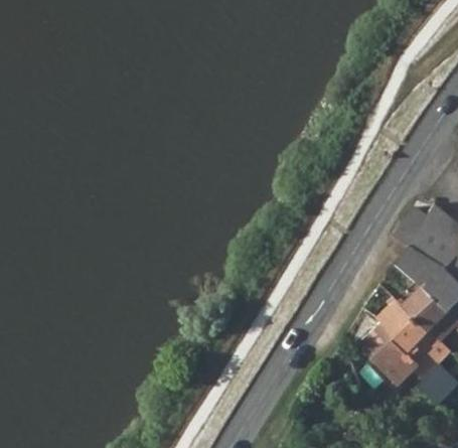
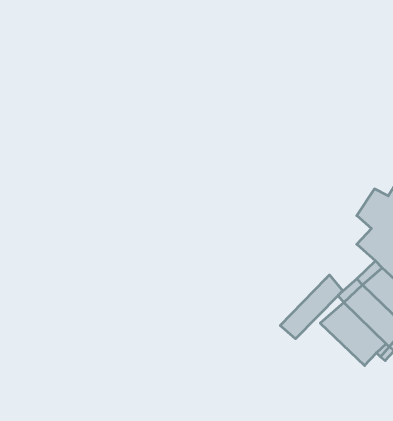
building: none -> [280,275,343,339]

